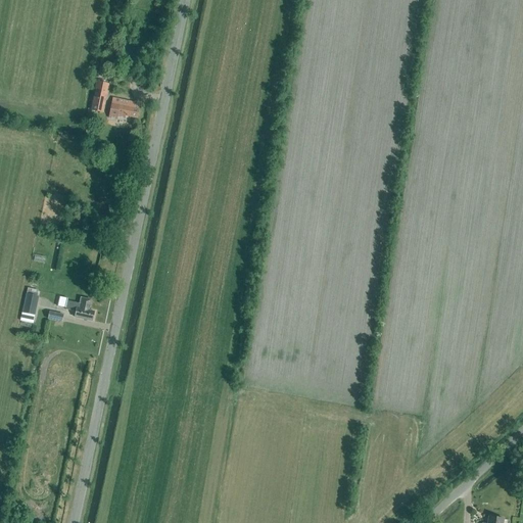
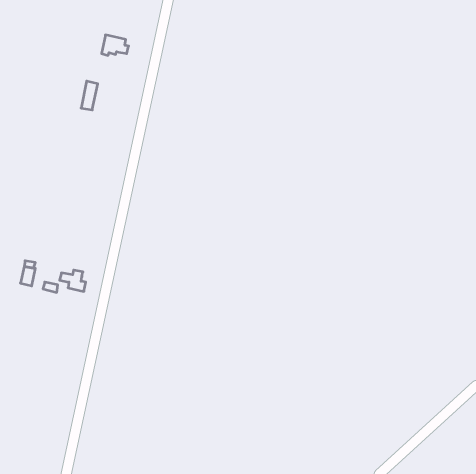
building: [109,96,139,118] -> [102,35,129,55]

